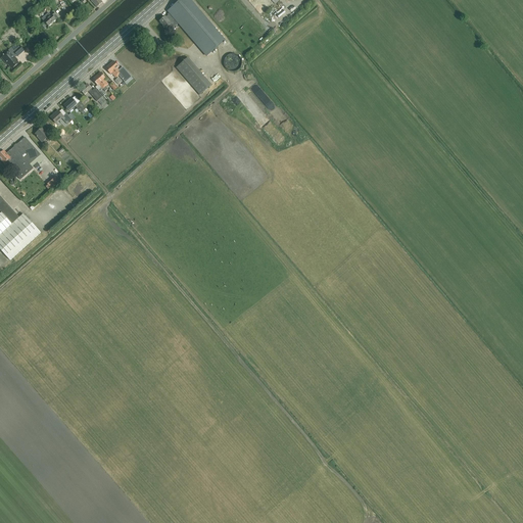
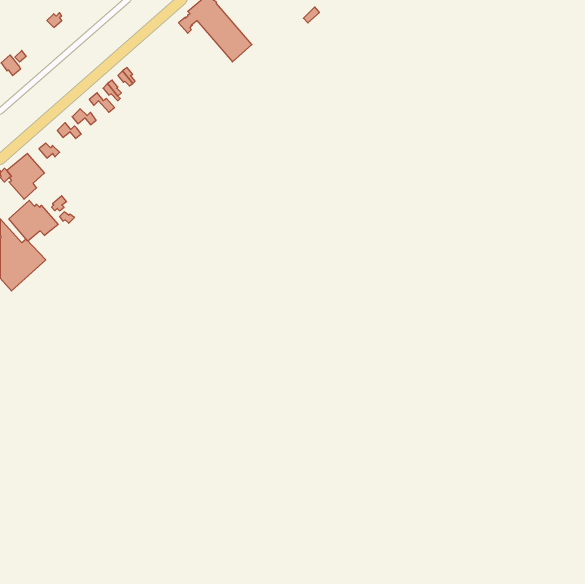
building: [176,57,211,94] -> none
building: none -> [9,200,58,241]

